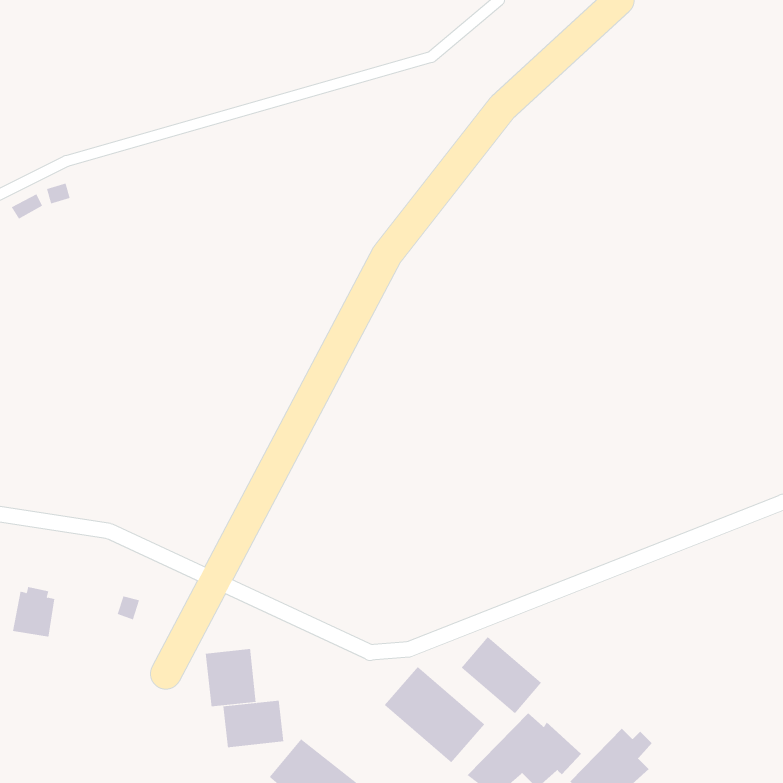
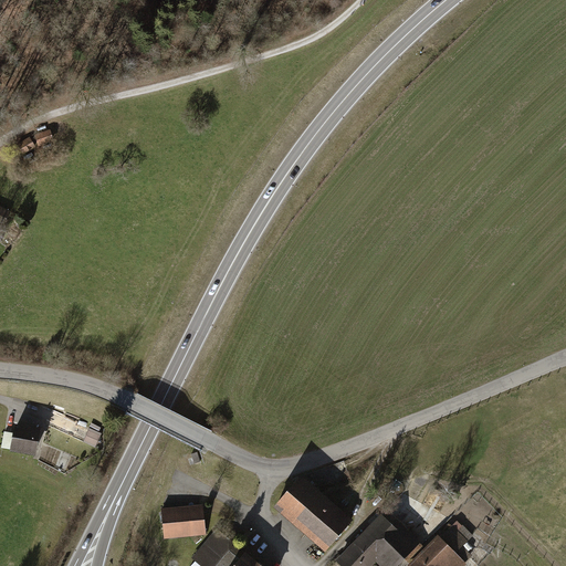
building: [461,636,542,714] -> none
building: [205,648,256,707] -> none

